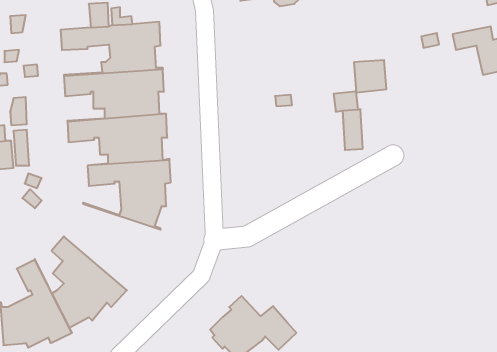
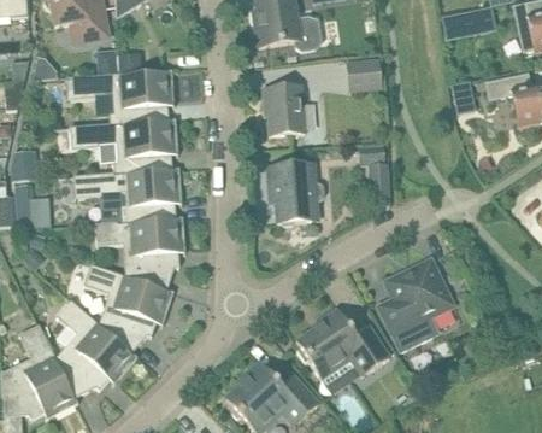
building: none -> [263,83,305,134]
building: [354,60,386,93] -> [347,57,382,92]
building: none -> [269,162,325,221]
building: none -> [379,258,453,349]
building: none -> [70,263,173,356]
building: none -> [296,308,390,378]

